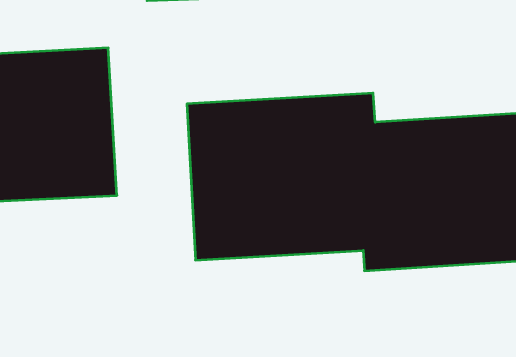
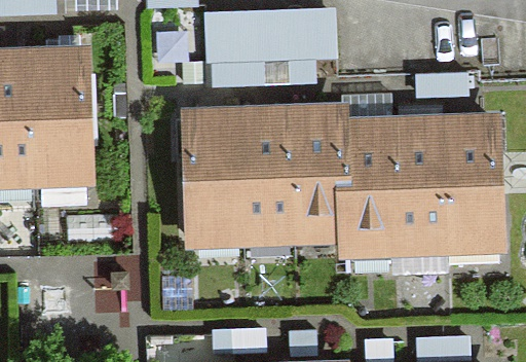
building: none -> [199,10,335,62]

